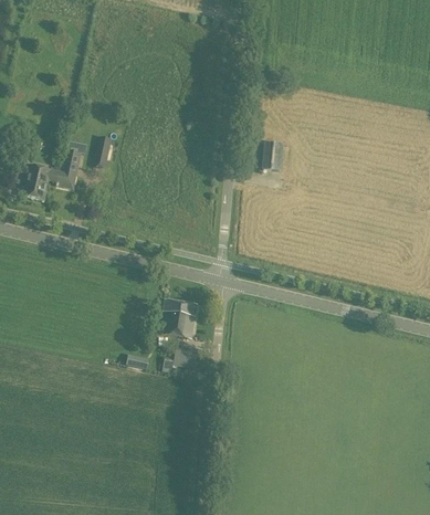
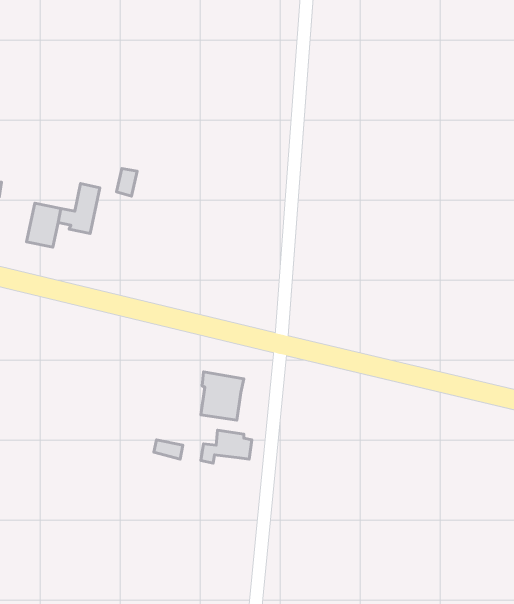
building: [261,141,283,170] -> none

